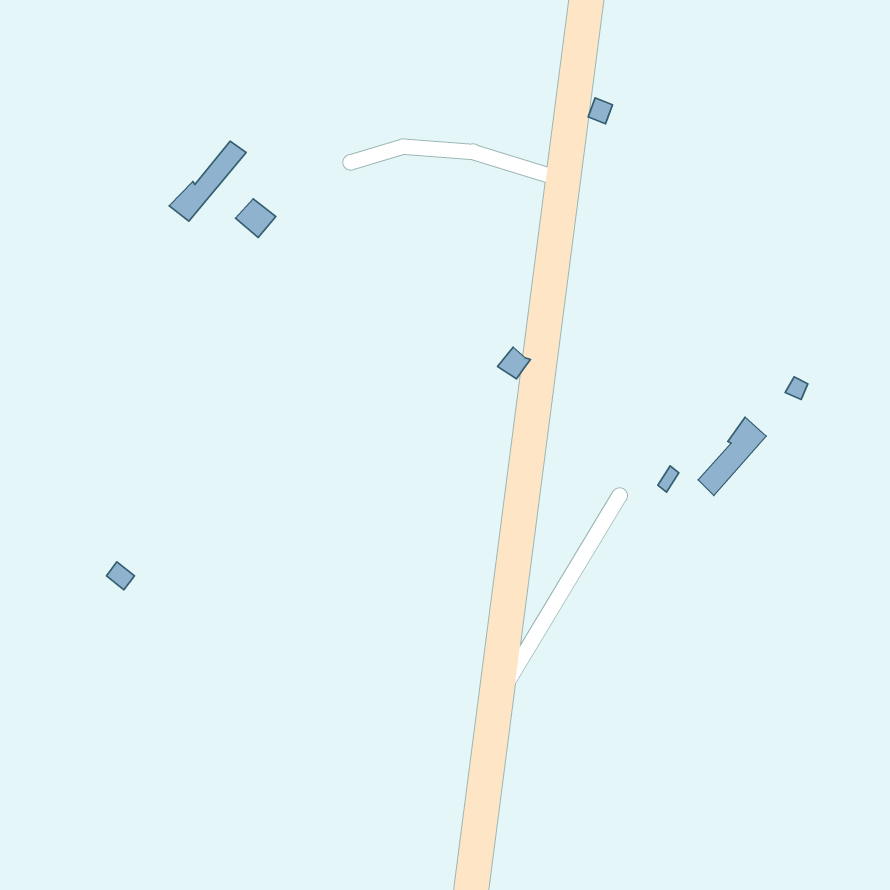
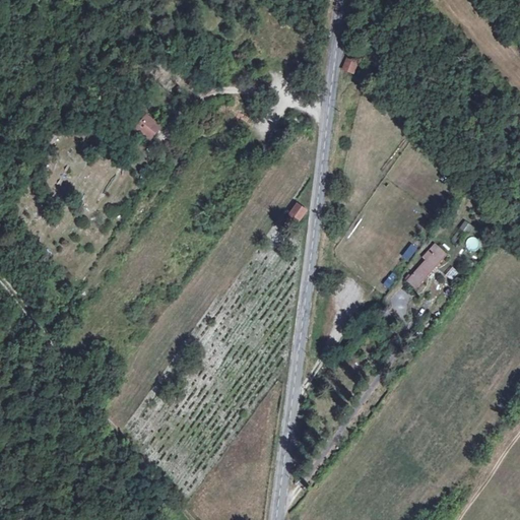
building: [169,141,246,221] -> none

